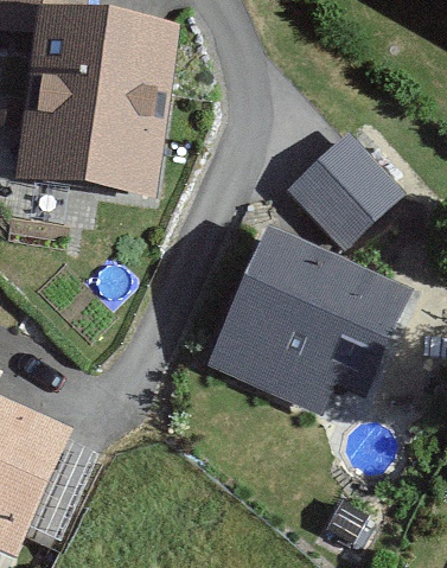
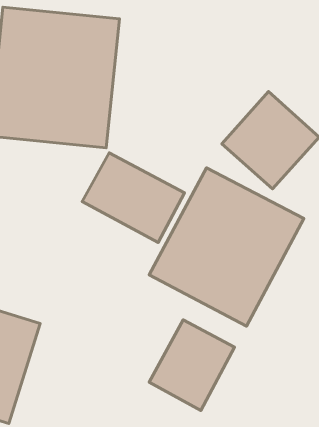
building: none -> [82,153,184,242]
building: none -> [149,320,235,410]

